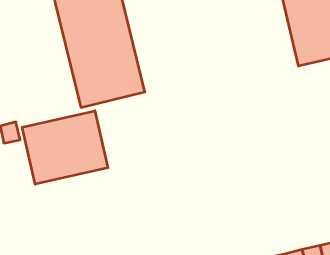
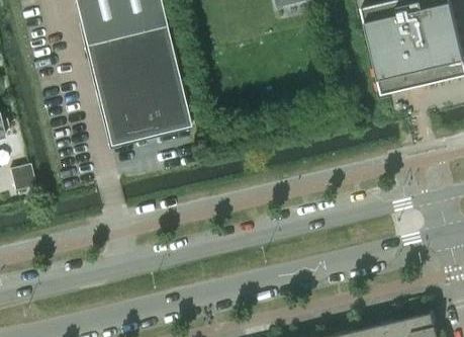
building: [22,111,108,184] -> none

